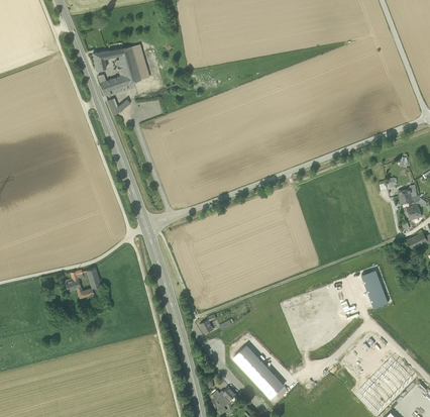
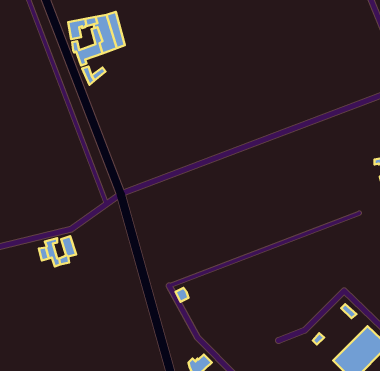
building: [361,270,388,308] -> none
building: [233,344,284,397] -> none

